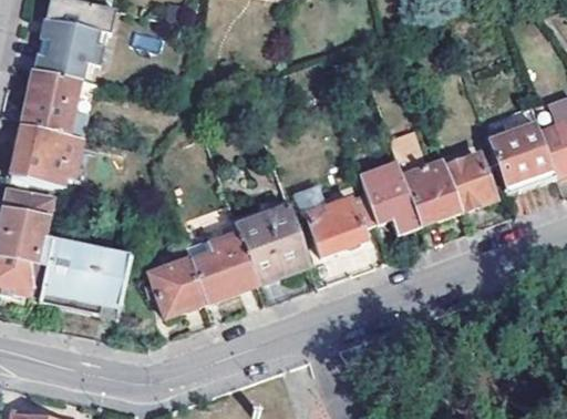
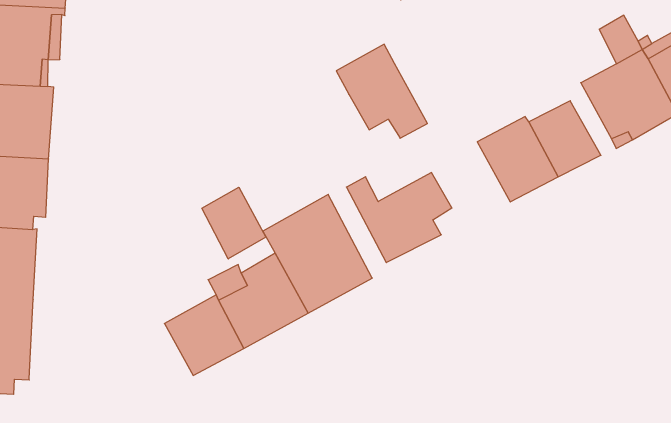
building: [358,161,420,233] -> [336,44,427,138]
building: none -> [202,187,266,259]
building: [40,243,130,317] -> none

